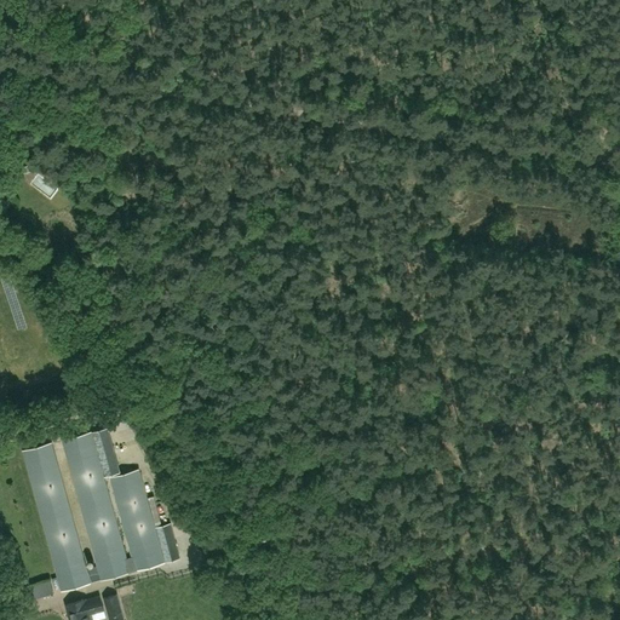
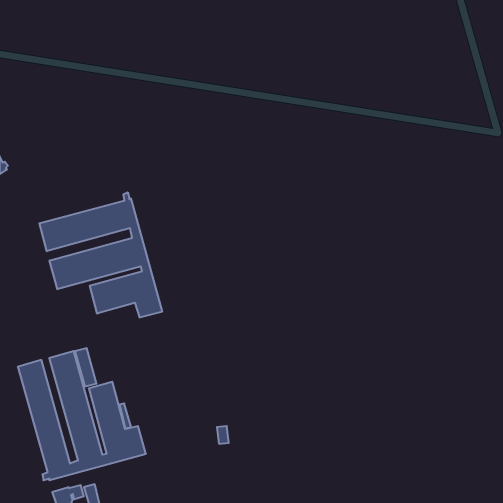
building: none -> [39,192,162,318]

